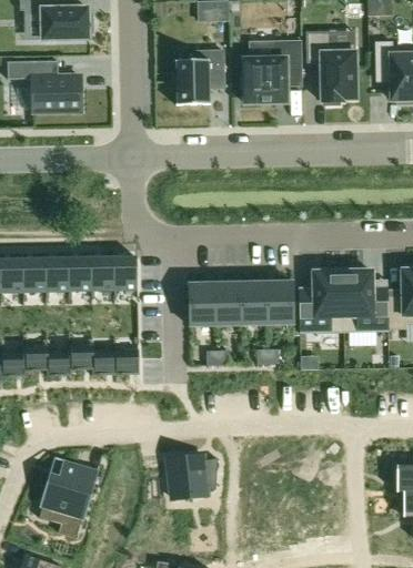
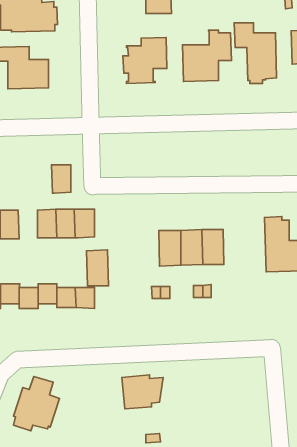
building: [44,257,68,292] -> [52,165,71,193]
building: [299,266,344,332] -> none
building: [189,282,215,325] -> [86,250,108,286]

